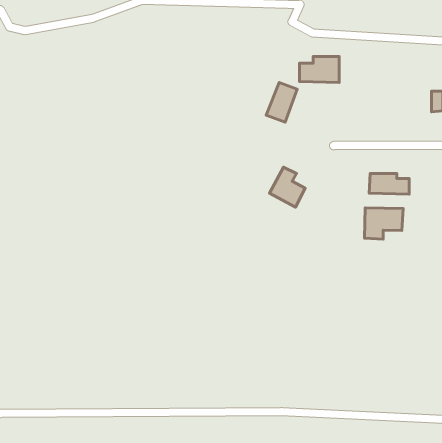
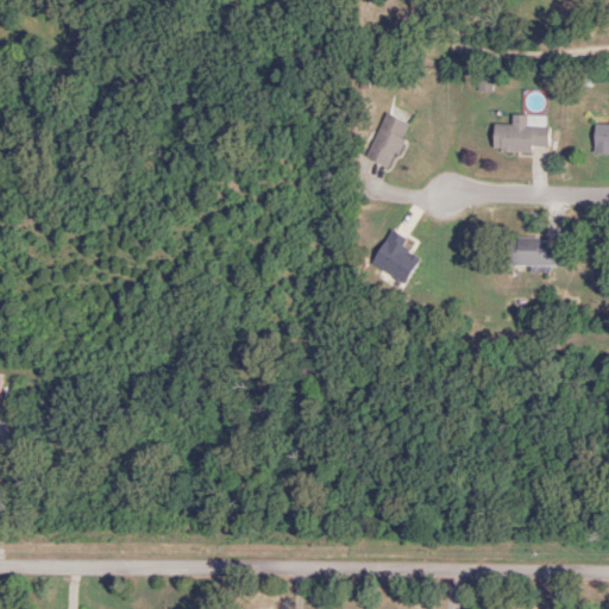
building: [299,56,339,82] -> [494,115,548,151]
building: [365,208,403,239] -> none

